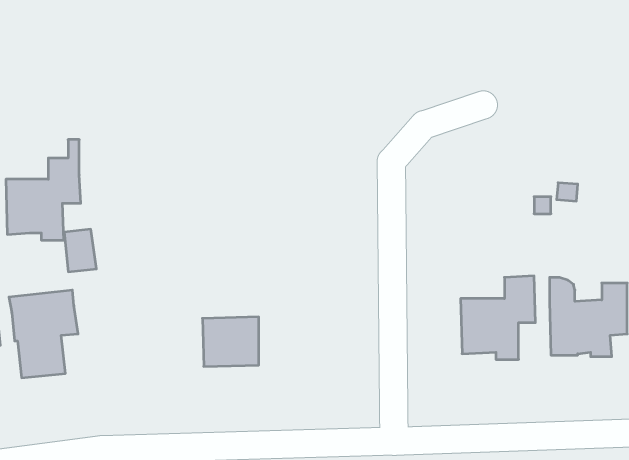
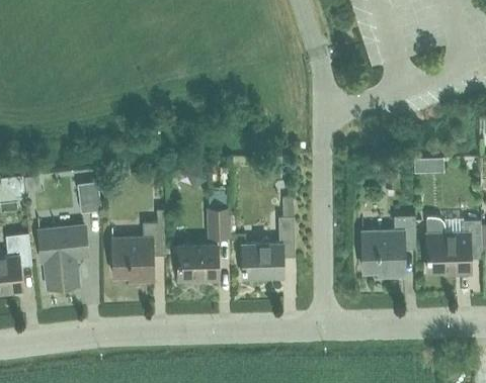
building: [6,140,81,240] -> [111,210,165,282]
building: none -> [208,190,228,237]
building: none -> [241,204,294,279]

